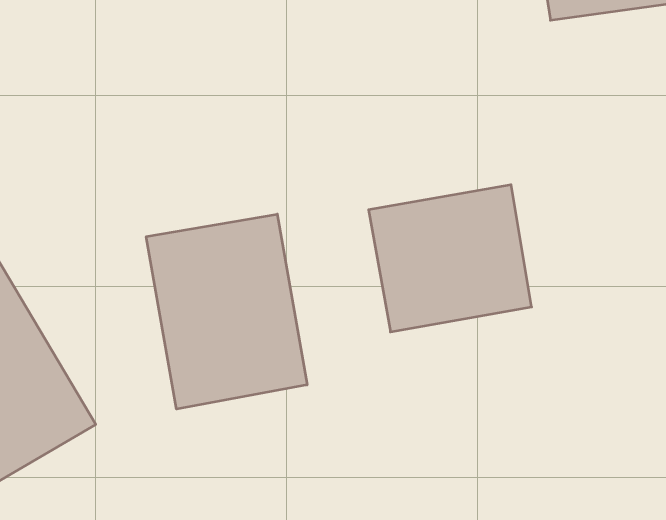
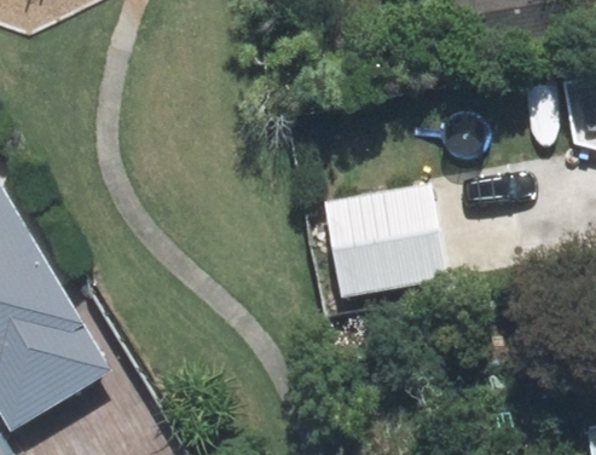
building: [146,214,307,409] -> none

